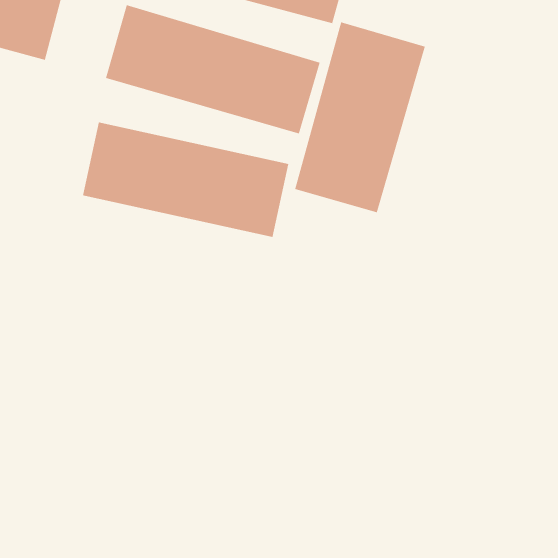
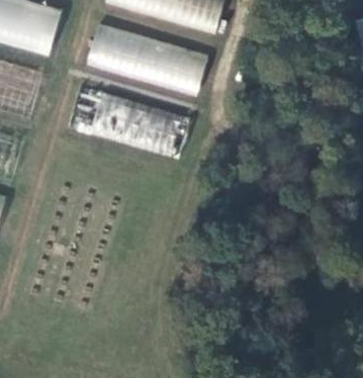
building: [294,21,425,213] -> none

